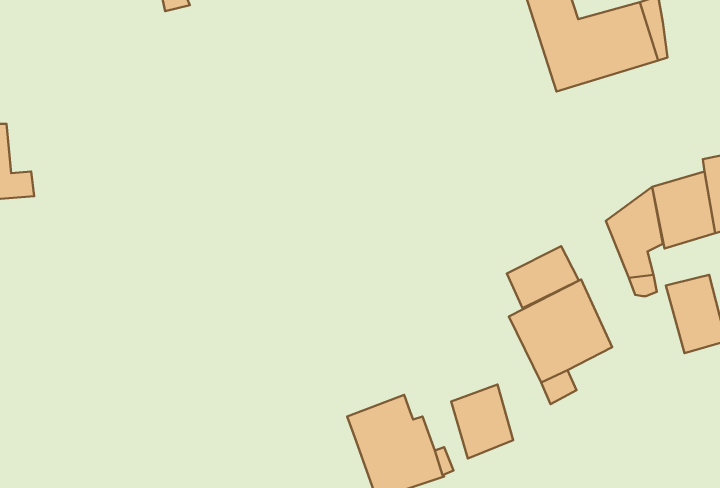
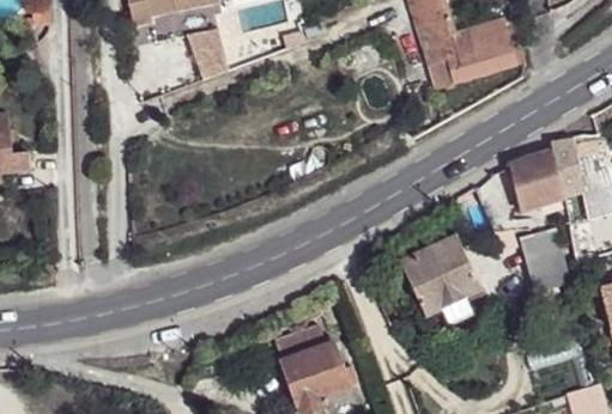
building: none -> [188,24,224,73]
building: [507,246,579,308] -> none
building: [451,385,513,458] -> none

